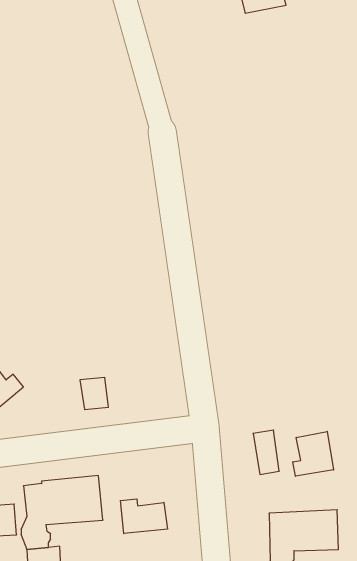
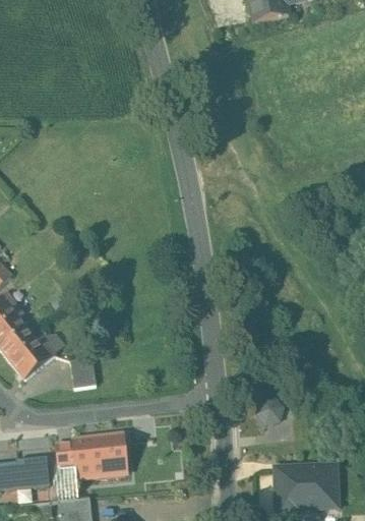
building: [80,378,108,410] -> [69,356,95,385]
building: [293,431,334,476] -> none
building: [120,499,167,534] -> none

